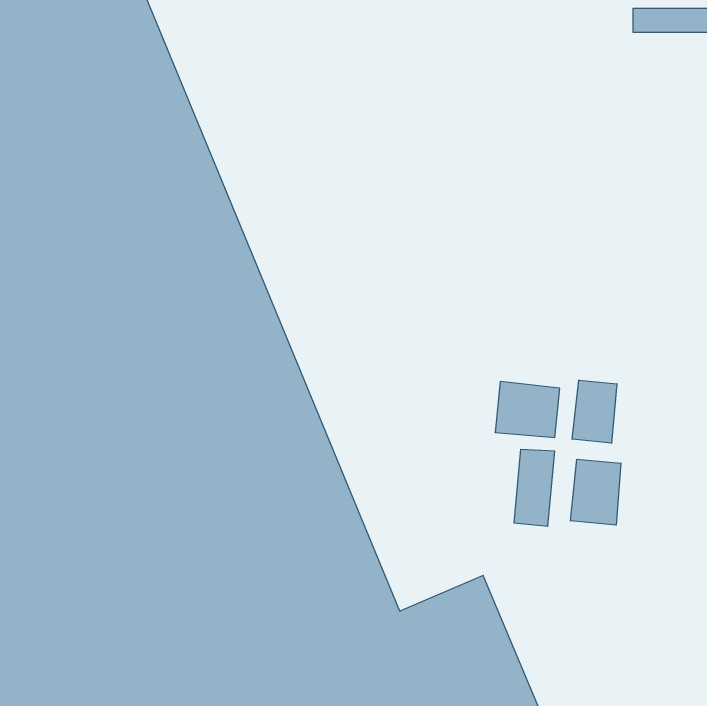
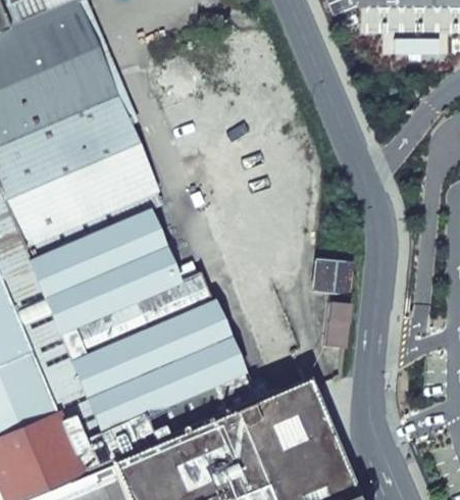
building: [572,380,617,443] -> none
building: [571,459,621,525] -> none

